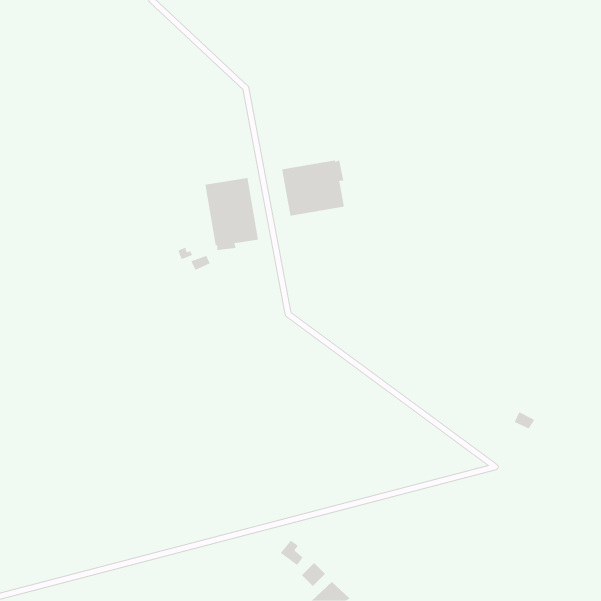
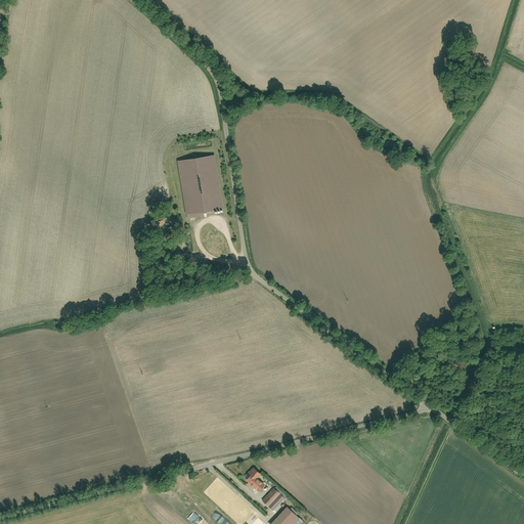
building: [282,159,345,217] -> none

